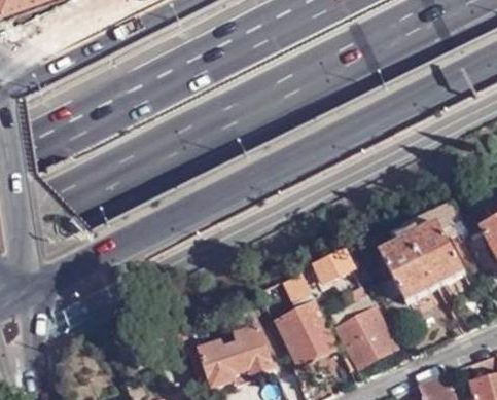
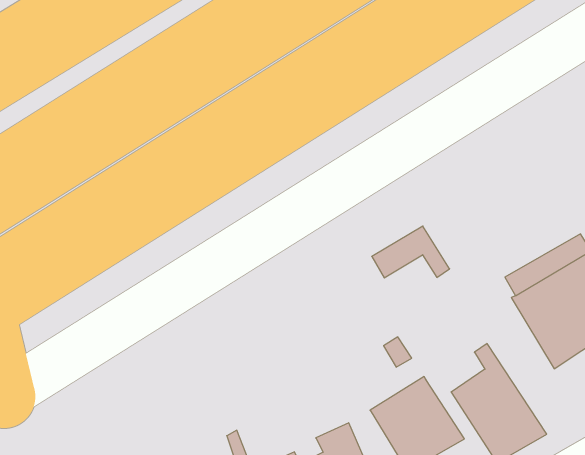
building: [310,252,362,288] -> [372,226,450,278]

